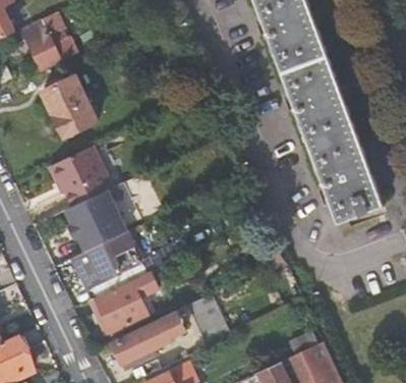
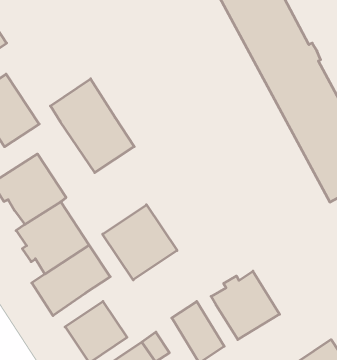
building: none -> [50,79,134,173]
building: none -> [103,205,177,280]
building: none -> [211,271,280,340]

